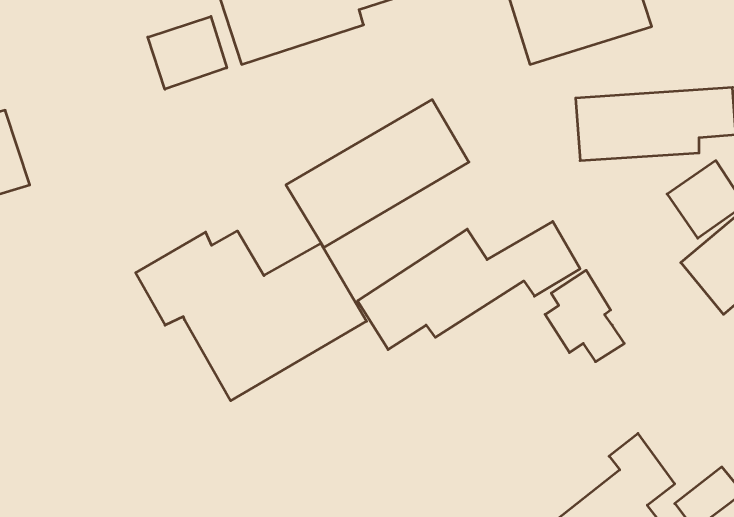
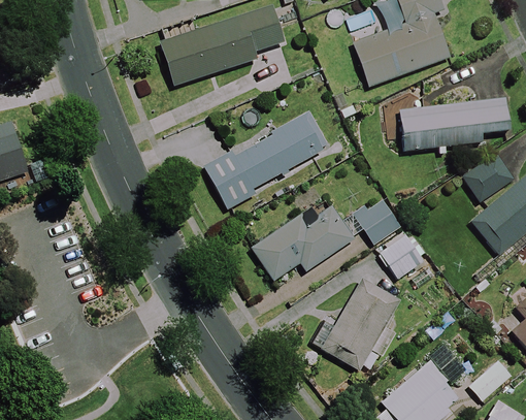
building: [148,16,227,89] -> none
building: [136,231,367,401] -> none
building: none -> [309,278,401,371]

